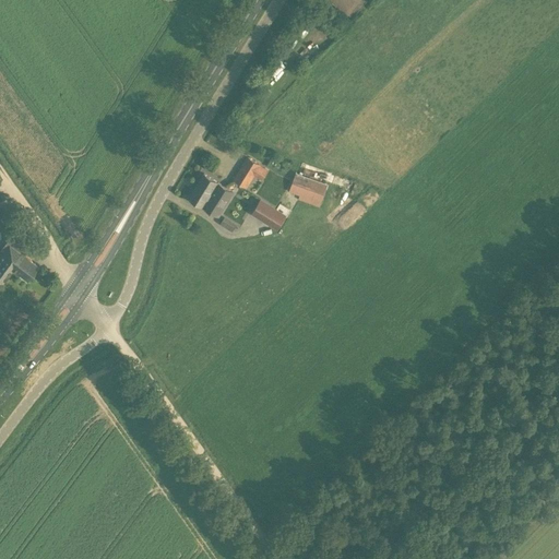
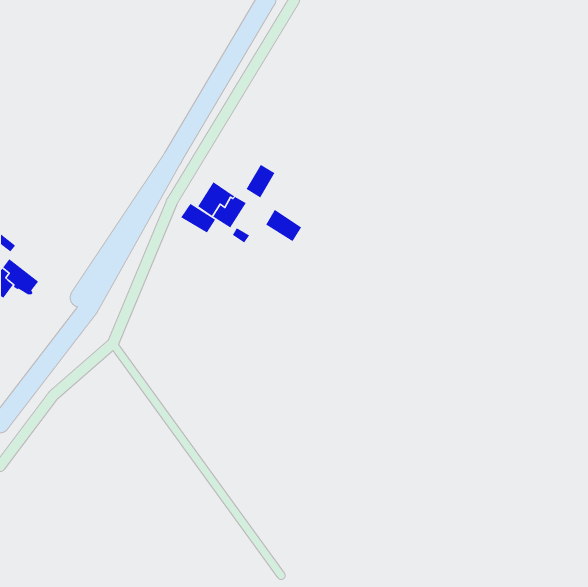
building: [290,174,329,209] -> none
building: none -> [180,203,216,234]

